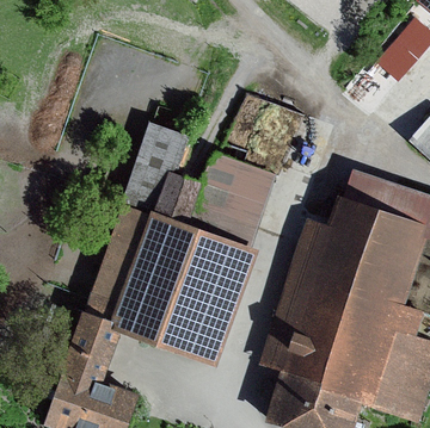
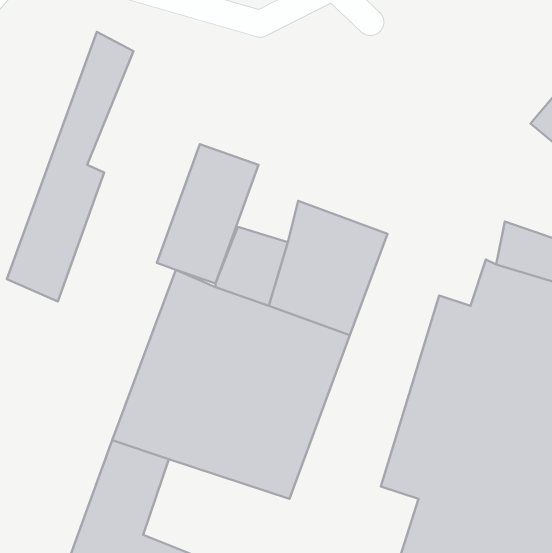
building: none -> [7,32,133,302]

